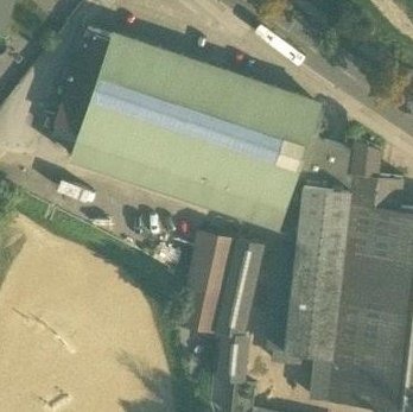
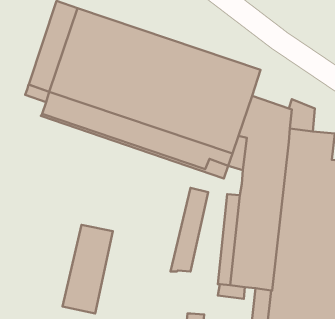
building: [179,232,236,332] -> [63,225,113,314]
building: [221,334,246,382] -> none

